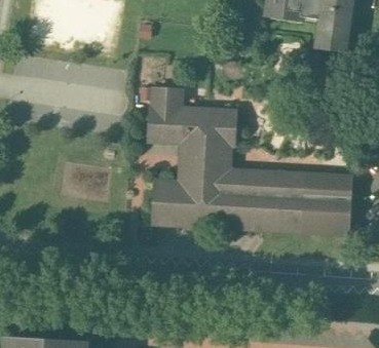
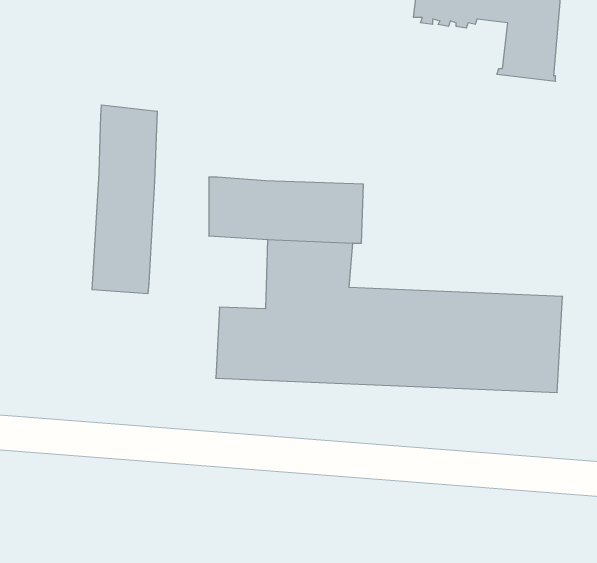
building: none -> [92,105,157,294]
building: [152,87,181,109] -> none

